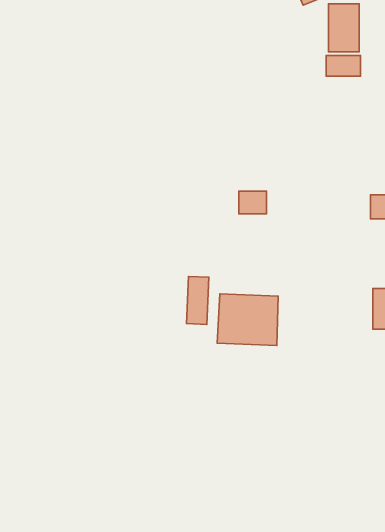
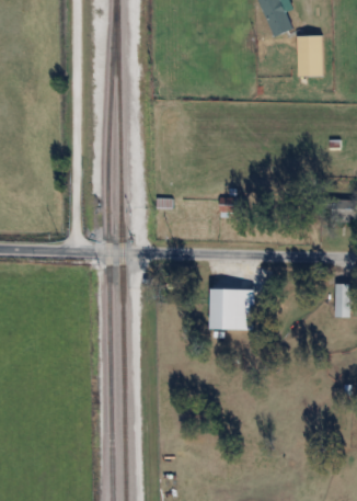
building: [326,55,361,76] -> none
building: [186,276,209,324] -> none

